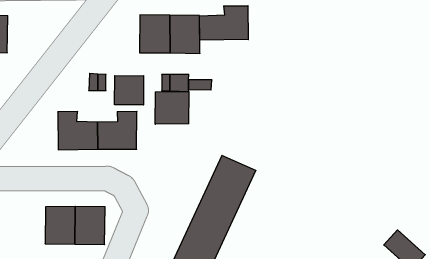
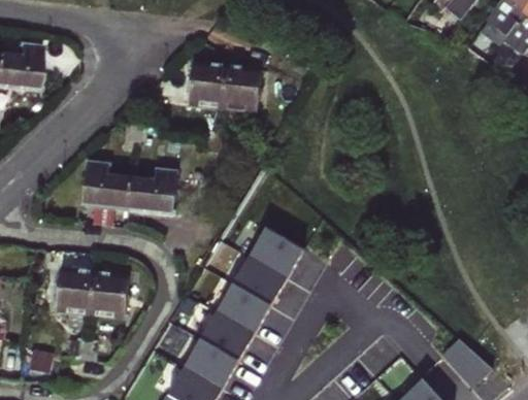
building: [199,6,248,40] -> none
building: [115,76,144,105] -> none
building: [155,91,189,124] -> none

